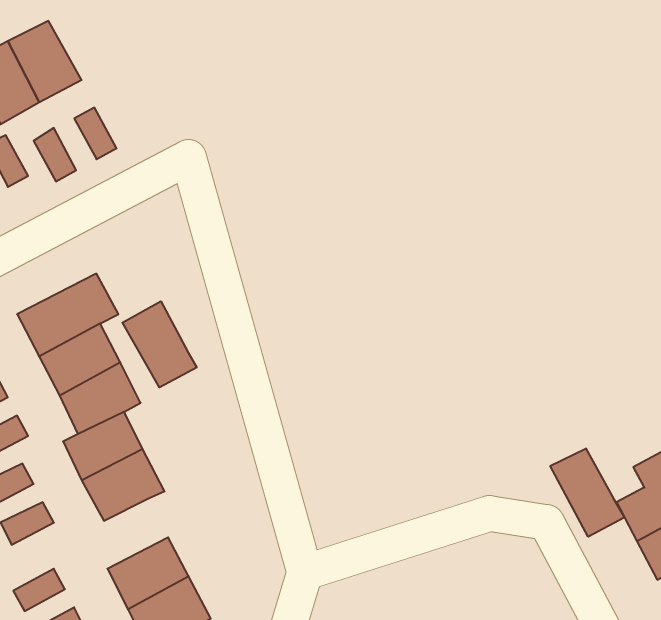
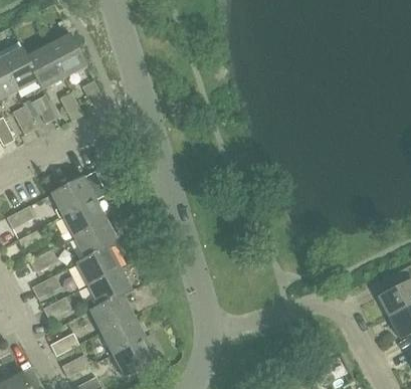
building: [122,301,197,387] -> none
building: [550,448,625,537] -> none
building: none -> [89,295,134,333]

